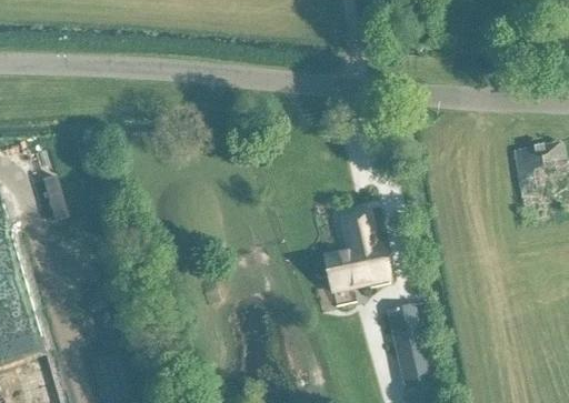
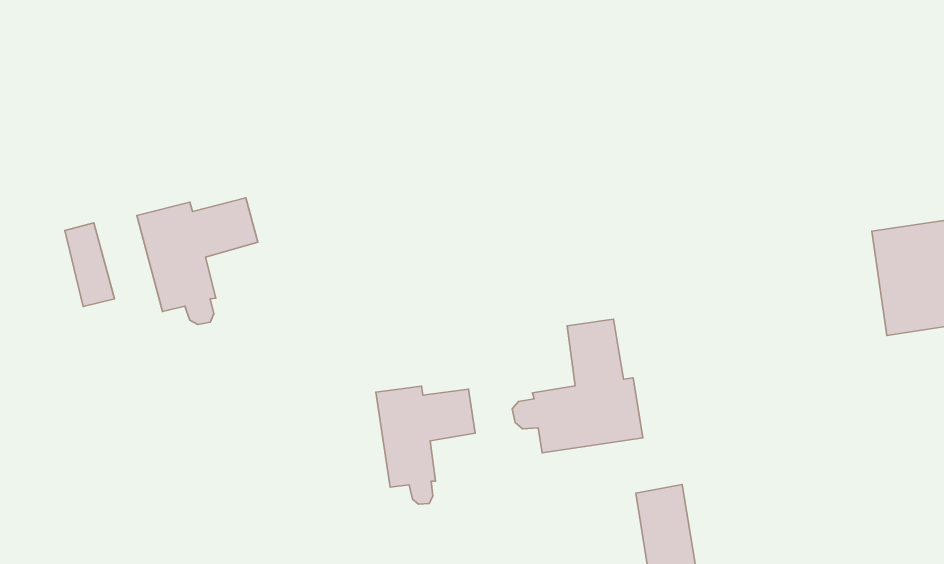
building: none -> [137,198,258,325]
building: none -> [376,386,475,504]

